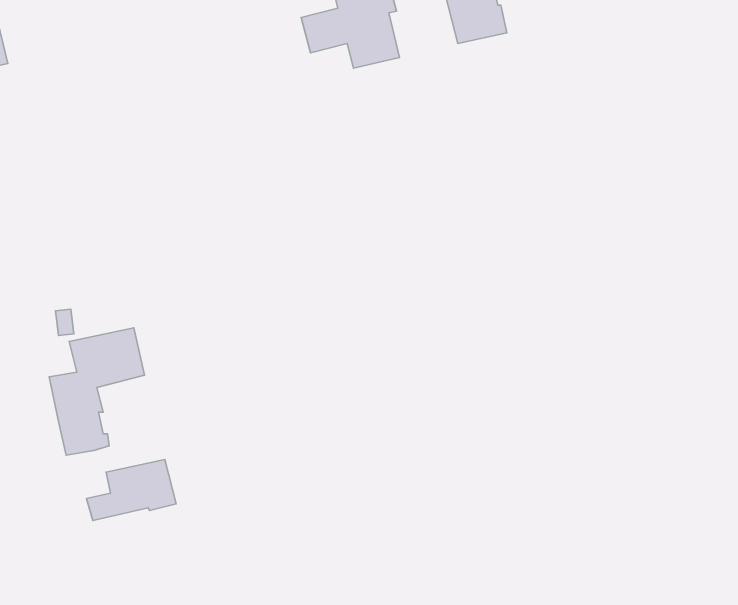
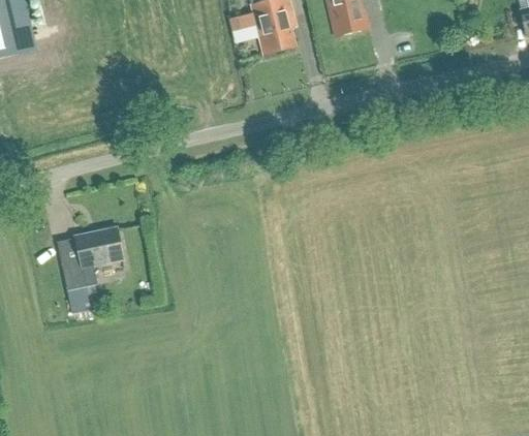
building: [87,459,176,520] -> none

